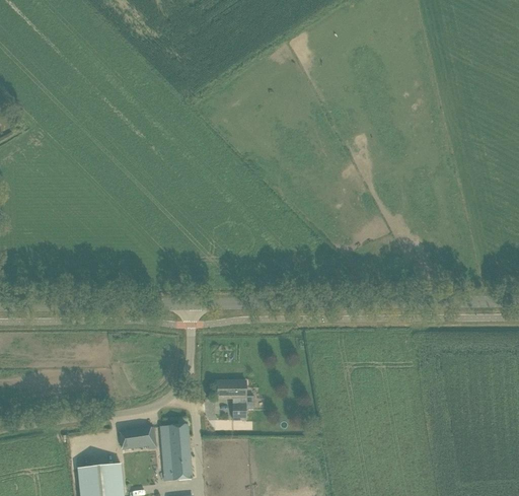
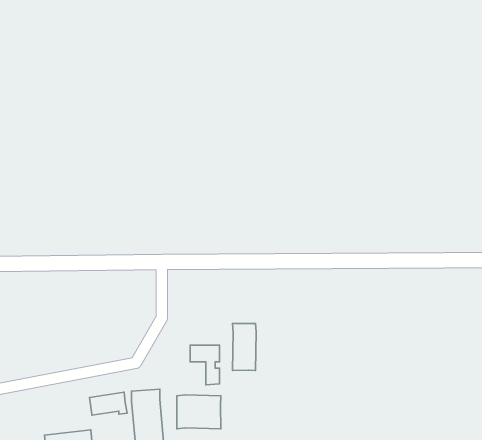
building: none -> [233,324,256,371]
building: none -> [177,395,221,429]

